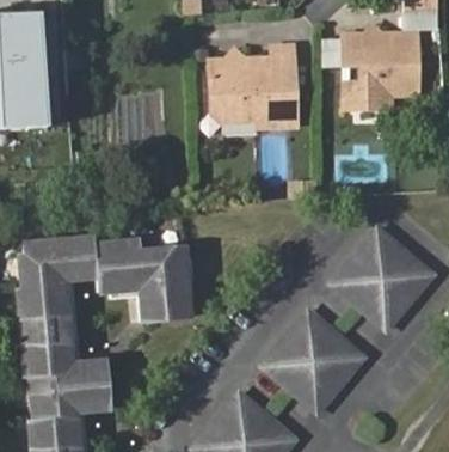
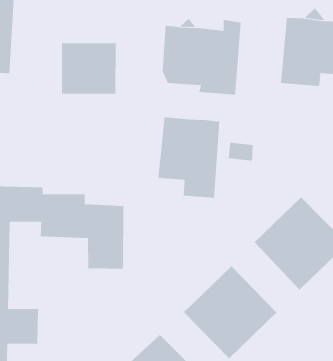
building: none -> [158,117,220,199]

